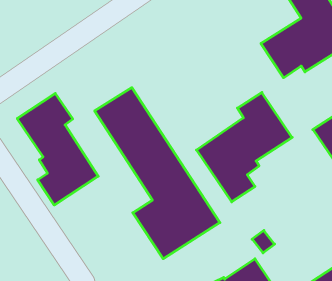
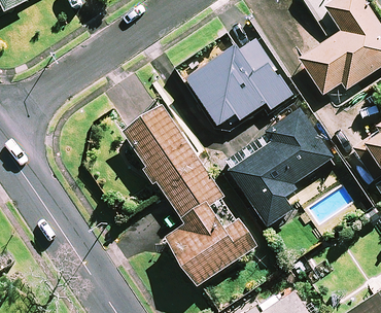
building: none -> [185,34,290,125]
building: [17,93,98,205] -> none

